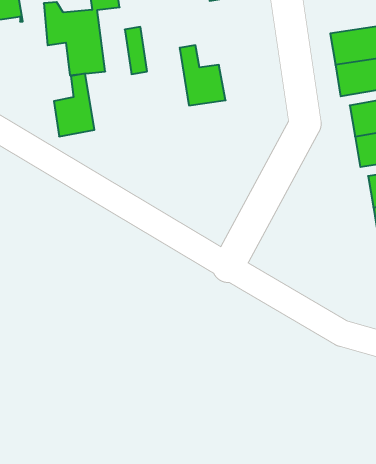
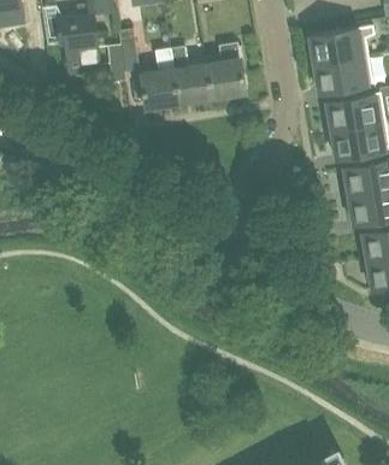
building: none -> [205,42,246,96]
building: [54,74,94,136] -> [141,49,178,107]

